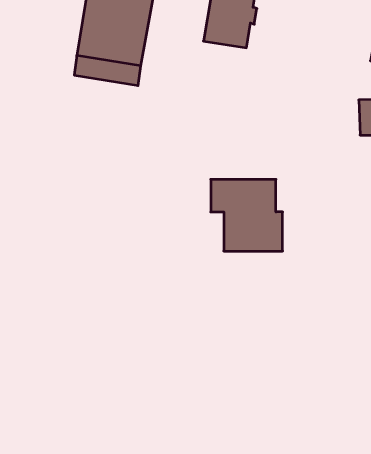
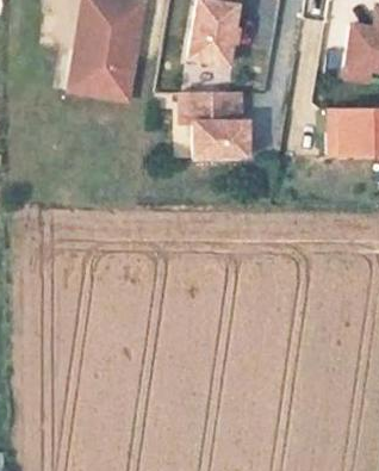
building: [211,179,283,251] -> [182,93,248,159]

